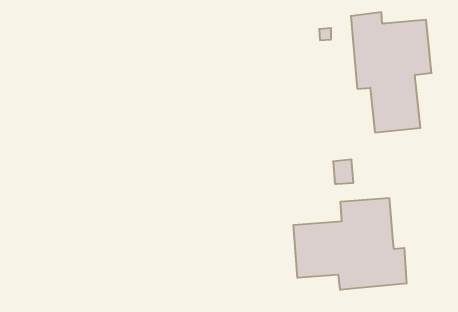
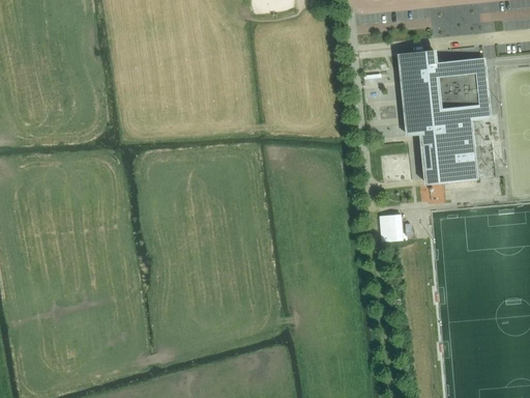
building: [293,198,406,290] -> none

